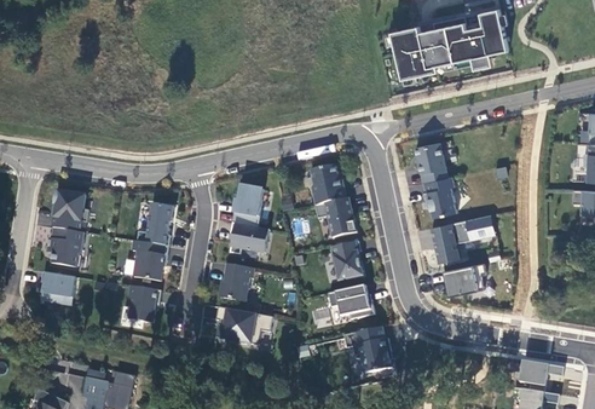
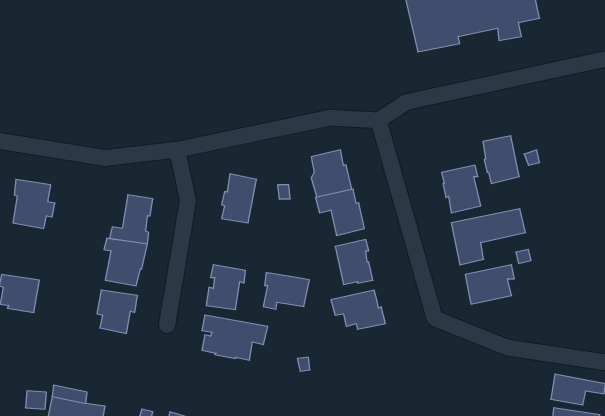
building: [415,142,446,183] -> [483,136,519,184]
building: [229,223,268,254] -> [263,273,309,309]
building: [46,226,83,266] -> none
building: [343,327,389,373] -> none

